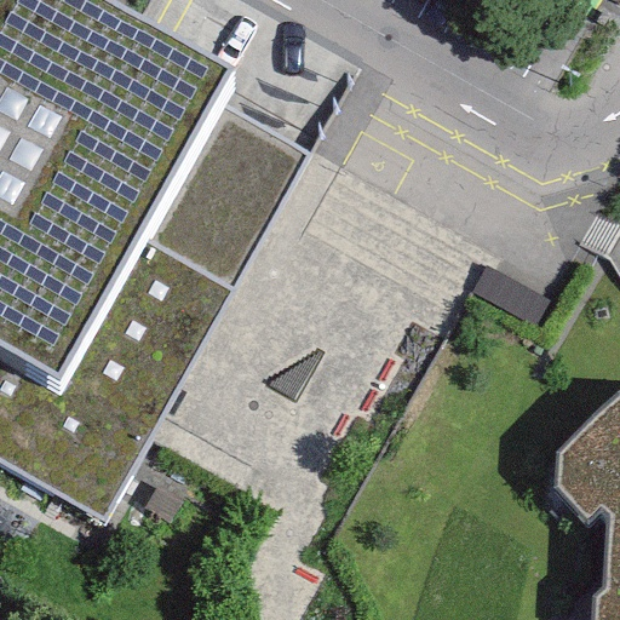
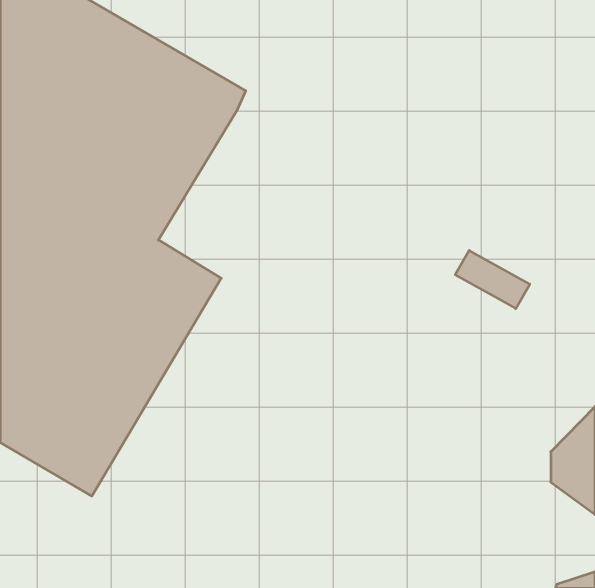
building: [165,114,312,289] -> none

